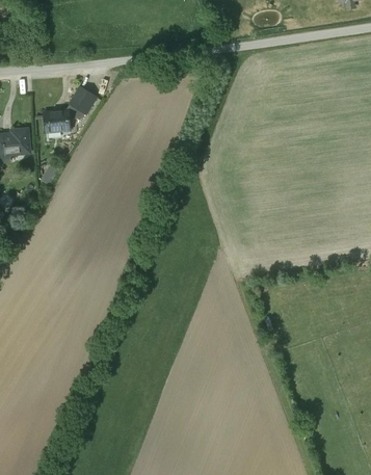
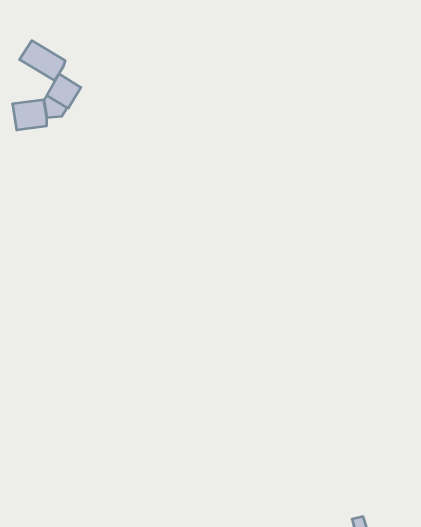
building: none -> [20,41,65,80]

